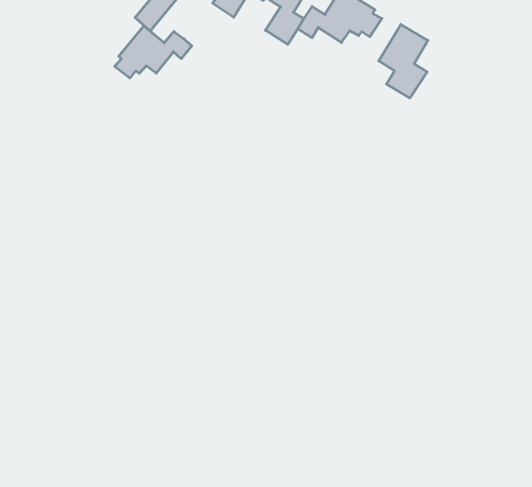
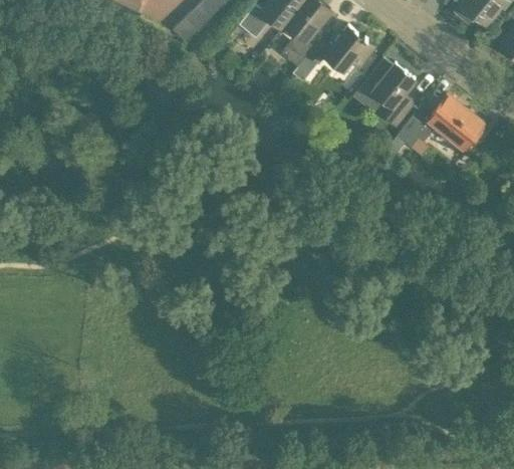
building: [115,26,192,78] -> none
building: none -> [391,94,483,149]

